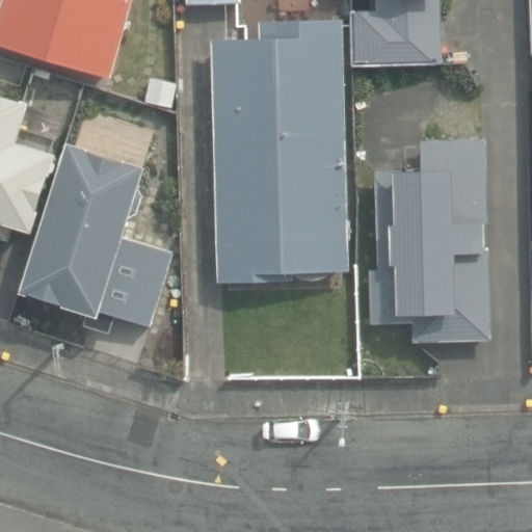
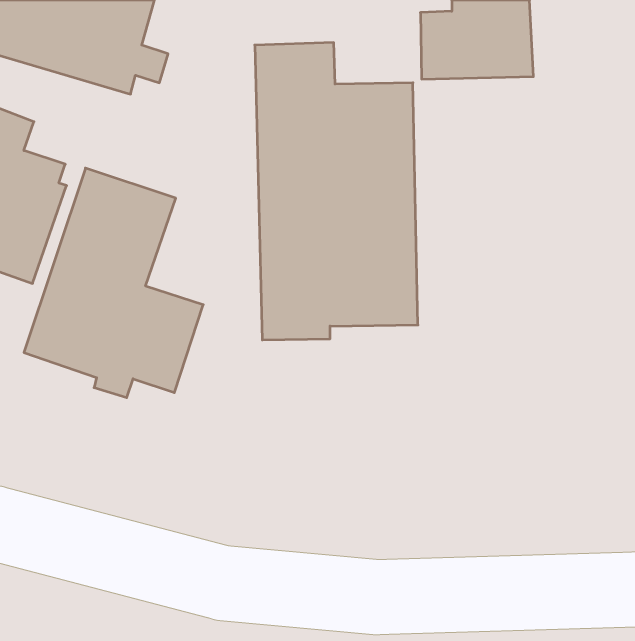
building: [368,137,489,341] -> none

